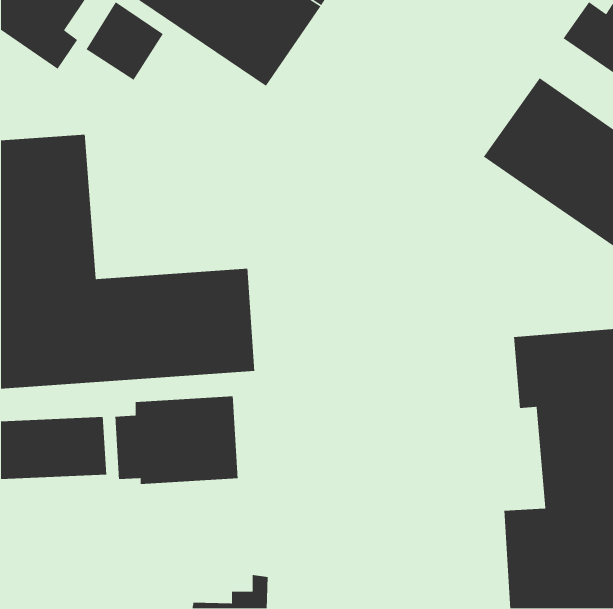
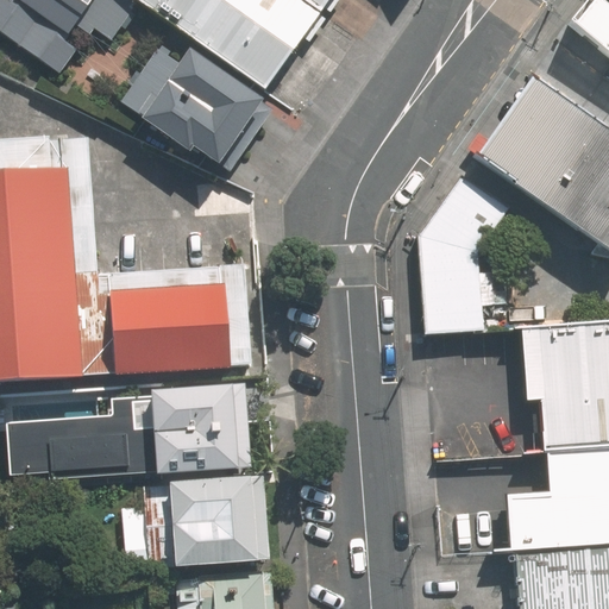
building: none -> [146,48,270,164]
building: none -> [420,158,517,331]
building: none -> [123,479,257,566]

